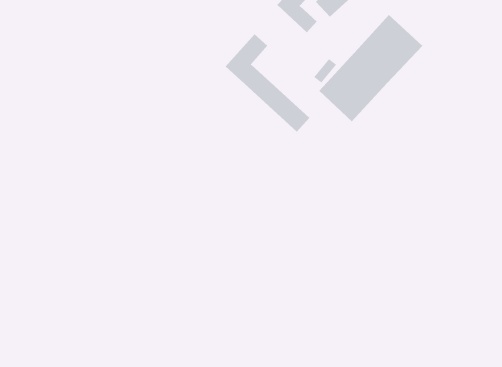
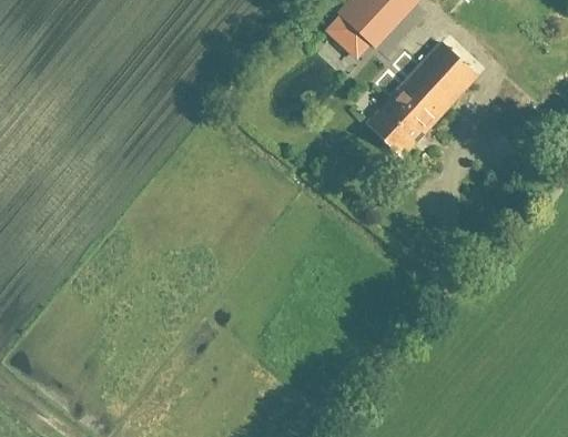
building: [225,33,310,133] -> none

